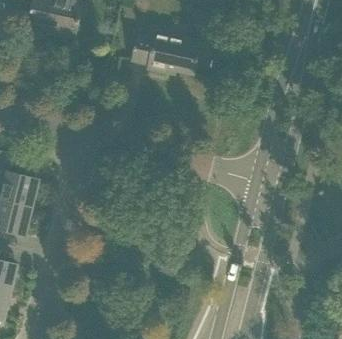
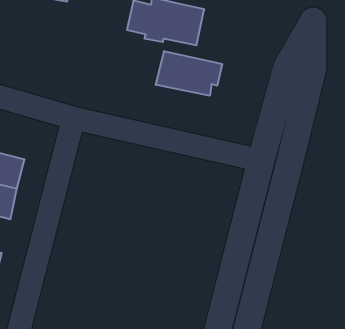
building: none -> [156,51,222,96]

